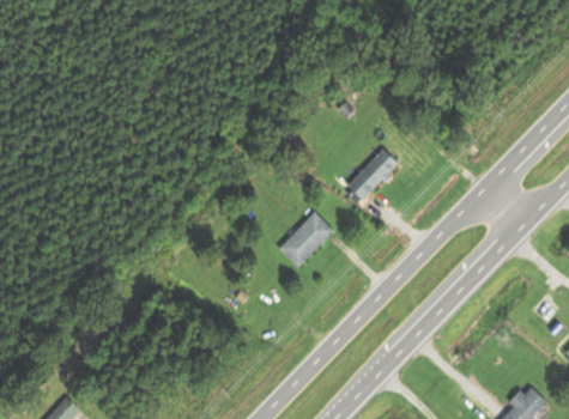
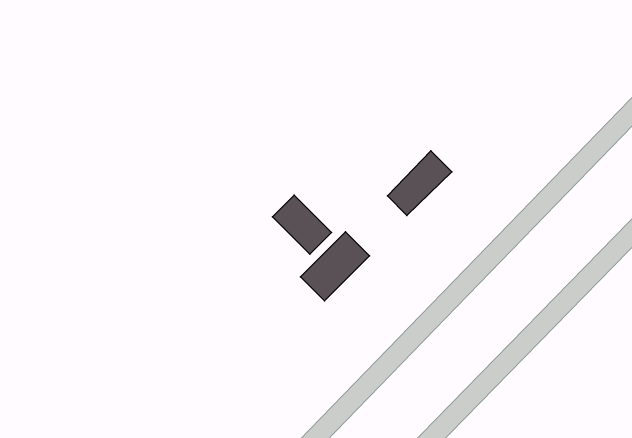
building: none -> [273,195,332,254]

